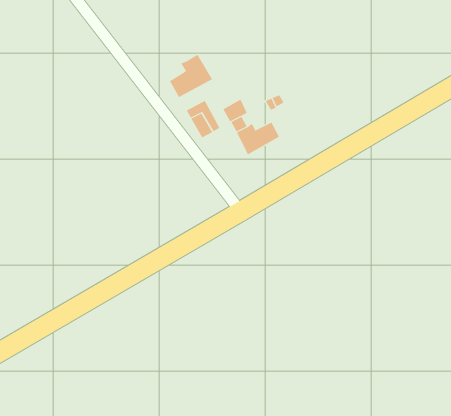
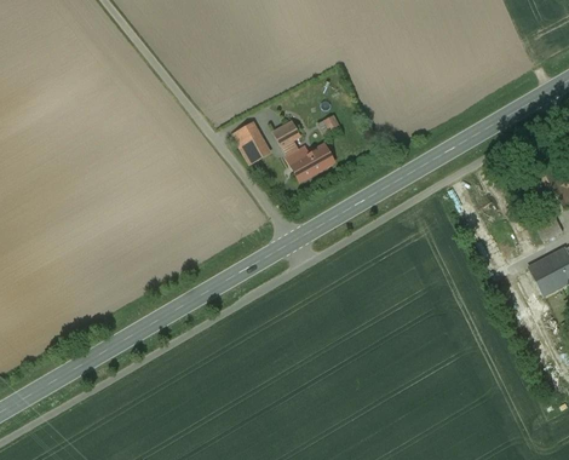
building: [169,54,213,98] -> none

